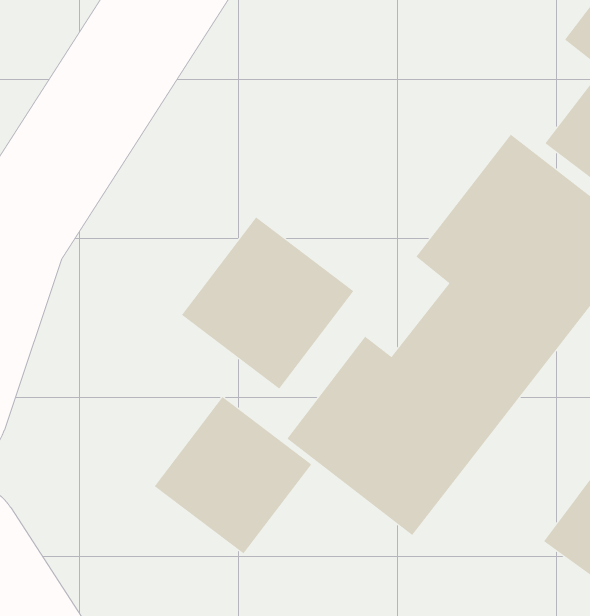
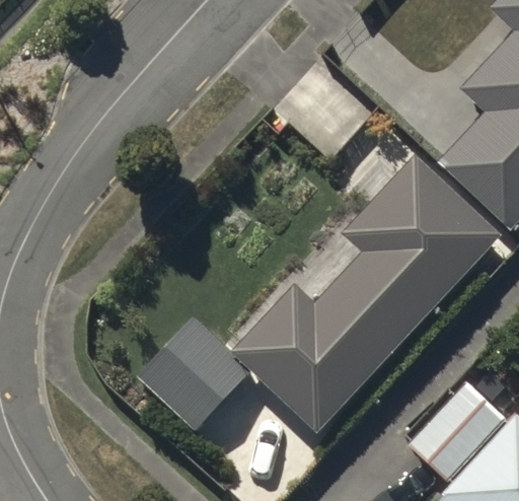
building: [181,216,354,389] -> none

